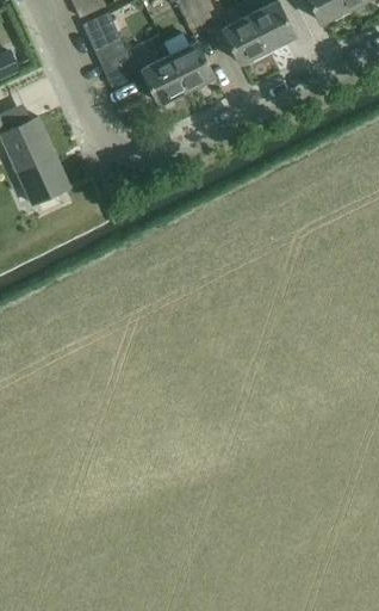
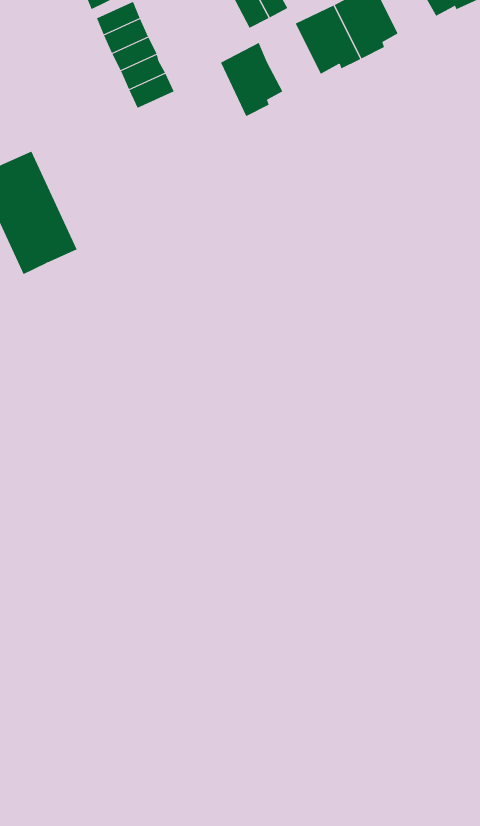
building: [141,54,187,103] -> none

